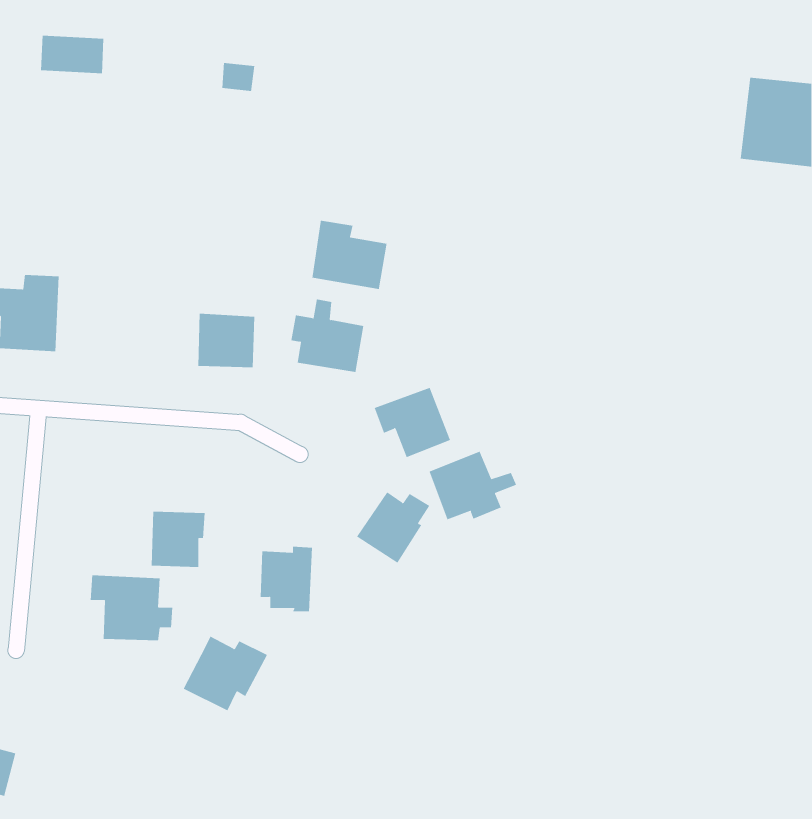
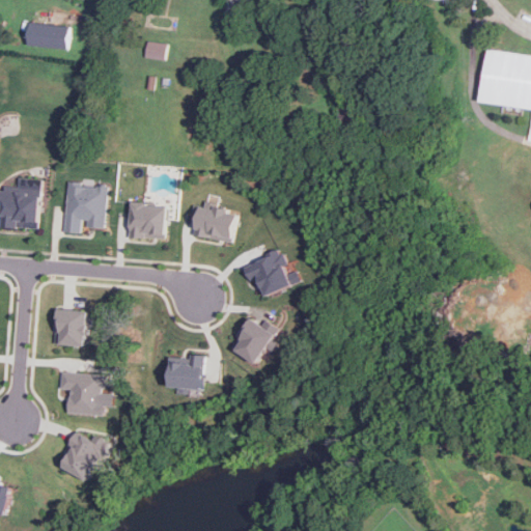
building: [312,220,387,290] -> none
building: none -> [62,179,105,233]
building: [429,451,517,520] -> none
building: [151,511,205,568] -> [53,309,88,345]
building: [183,636,268,711] -> [57,431,112,480]

